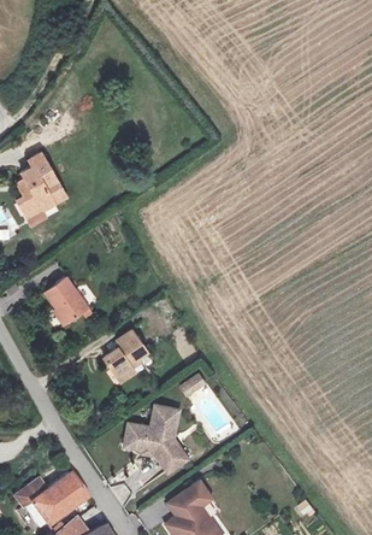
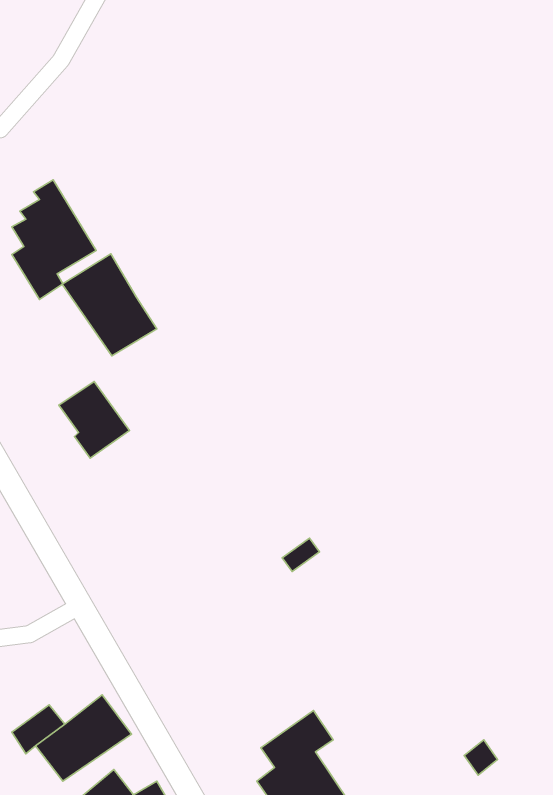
building: none -> [62,254,157,356]
building: [105,331,144,381] -> none
building: [125,404,189,471] -> none

